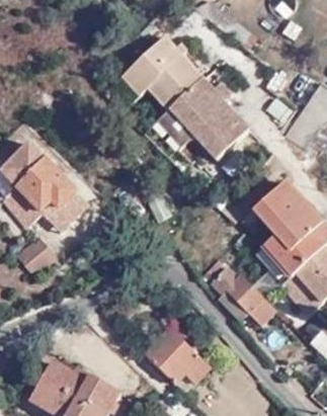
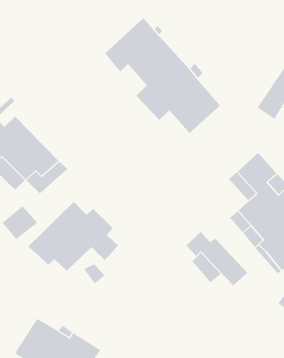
building: none -> [27,201,119,272]
building: [144,328,209,383] -> none

